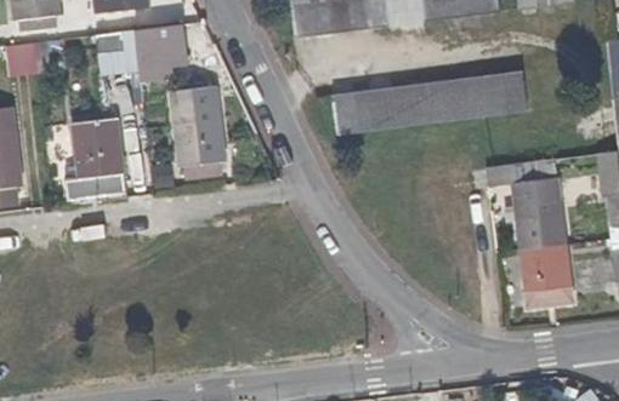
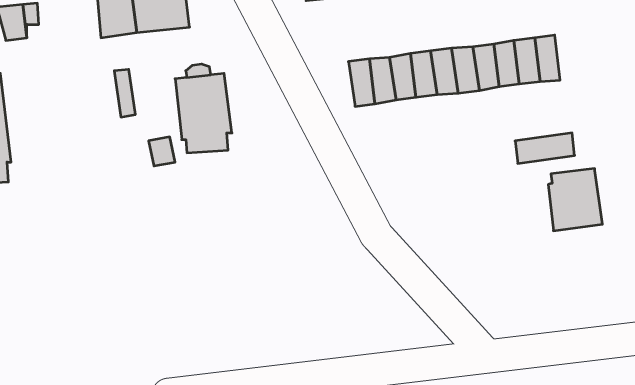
building: [66,118,125,199] -> none
building: [521,242,573,305] -> none

